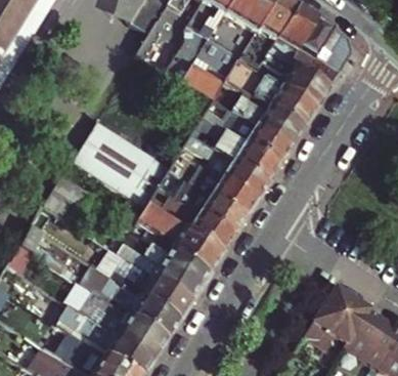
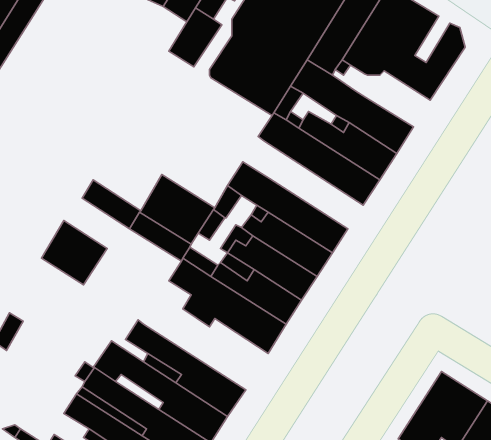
building: [278,69,325,110] -> none
building: [198,120,276,184] -> none
building: [79,123,129,171] -> none
building: [116,234,207,302] -> none

